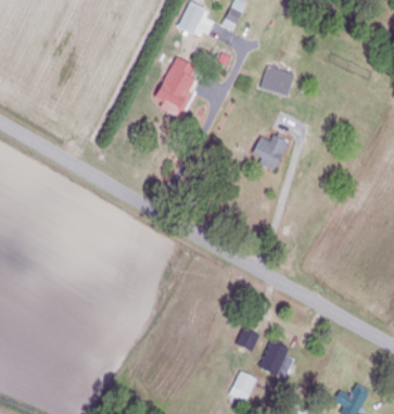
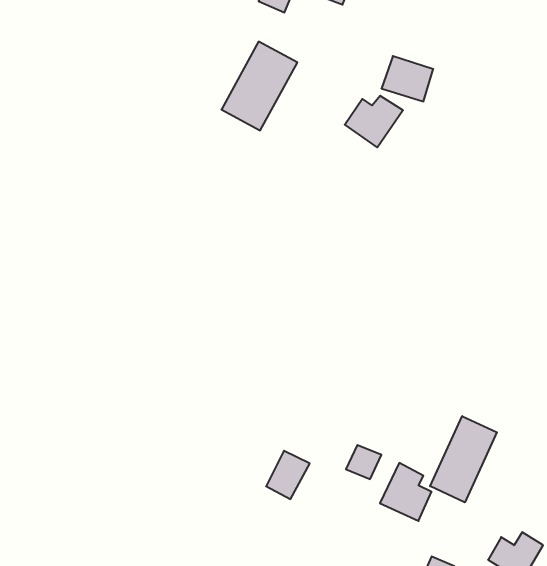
building: [250,135,289,170] -> [345,96,403,147]
building: none -> [430,416,497,502]
building: [228,371,257,403] -> [266,451,310,499]

